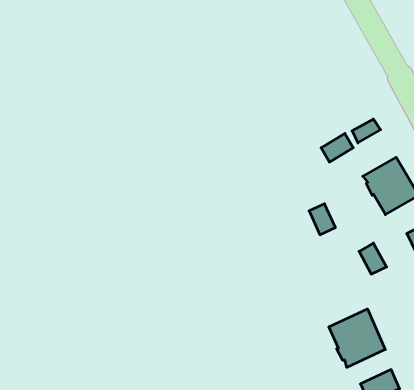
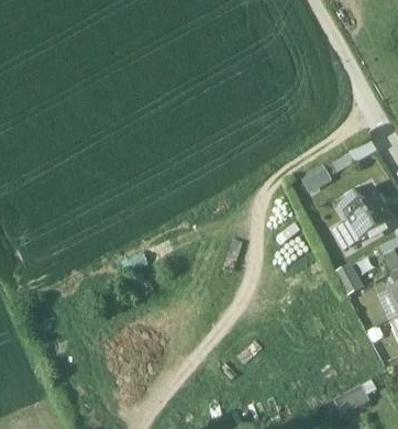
building: [329,309,385,367] -> none

